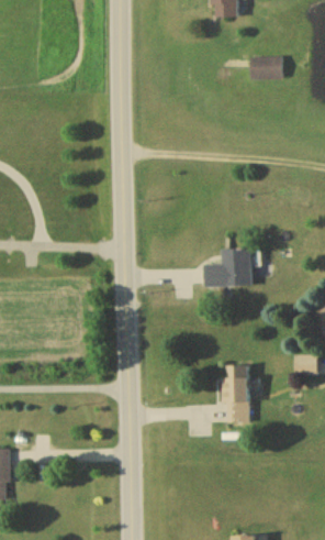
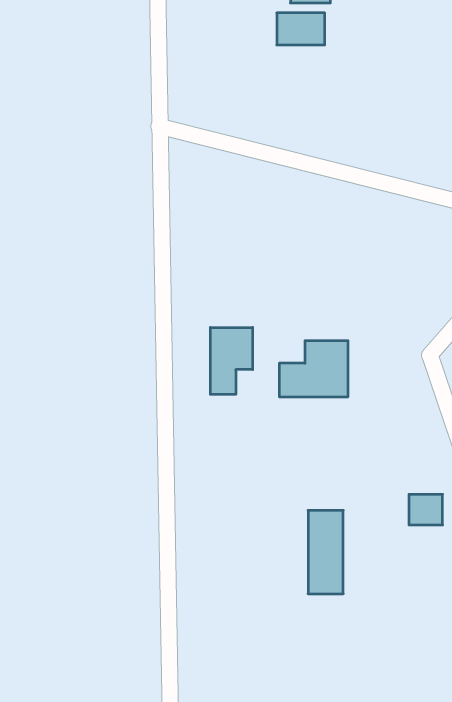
building: [251,56,284,78] -> [277,13,325,45]
building: none -> [210,327,253,394]

